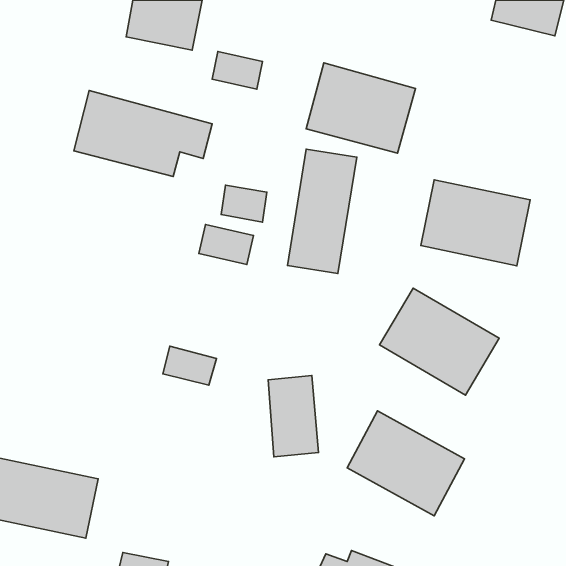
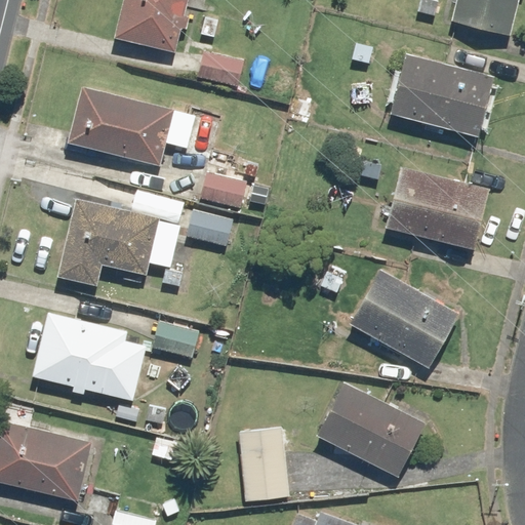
building: [306,63,415,153] -> [392,54,492,137]
building: [287,149,357,274] -> none
building: none -> [60,192,184,287]
building: none -> [33,316,146,400]
building: [268,375,318,457] -> [240,429,286,503]

